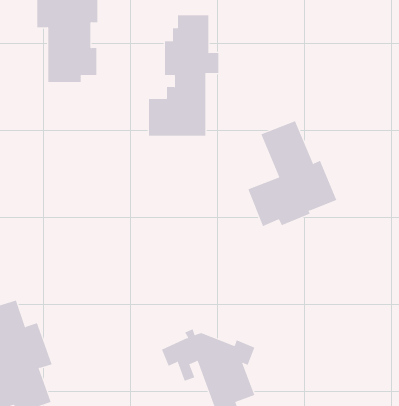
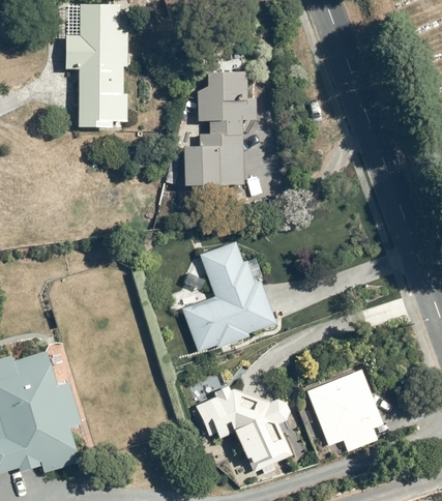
building: [247,120,337,227] -> [183,239,276,350]
building: none -> [304,367,383,449]

